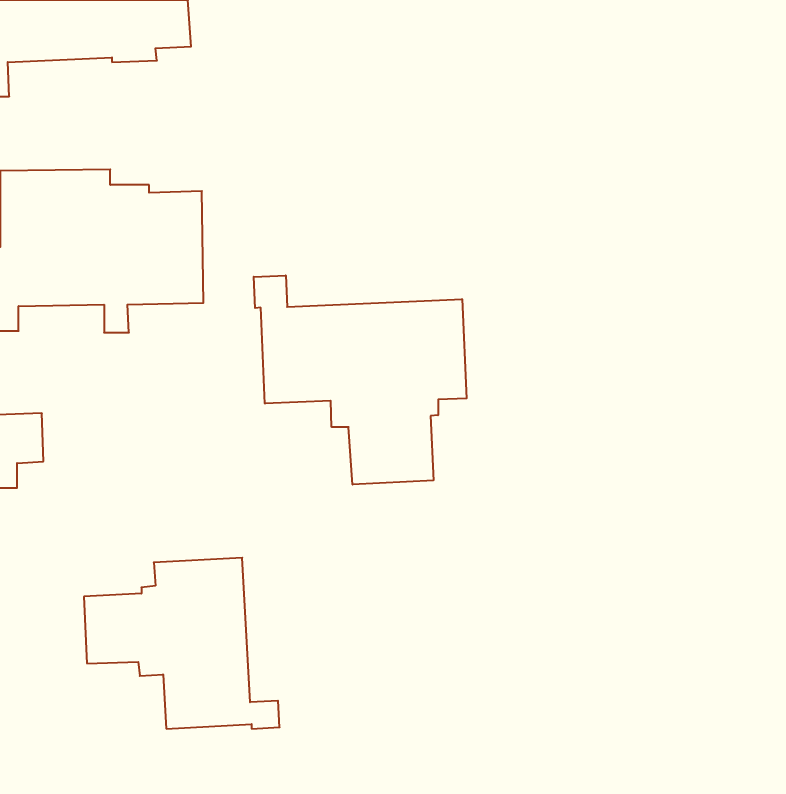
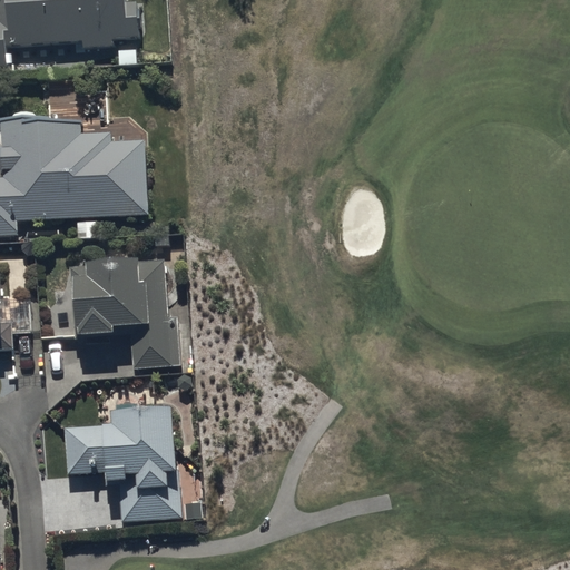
building: [254,275,467,485] -> none
building: none -> [69,255,176,367]

